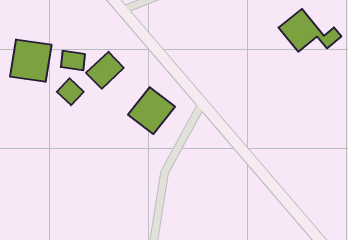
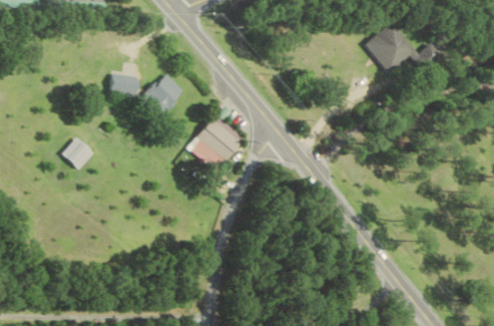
building: [10,39,51,82] -> none
building: [57,78,84,105] -> [59,137,91,170]

